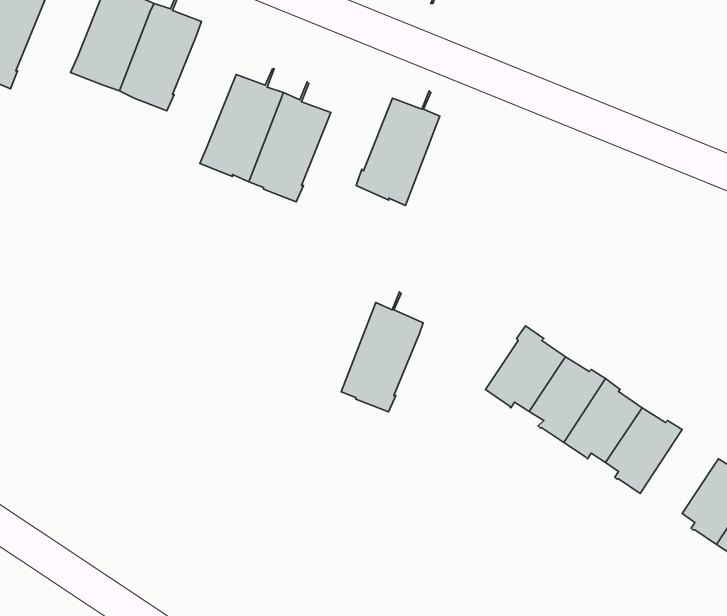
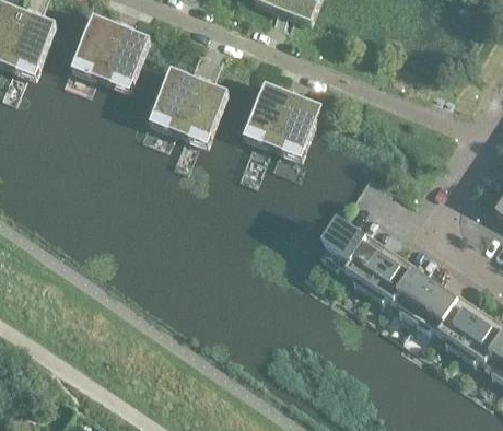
building: [341,292,423,412] -> [271,86,320,159]
building: none -> [412,281,459,331]

